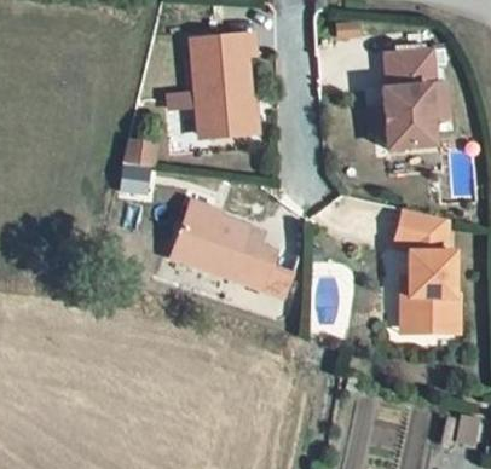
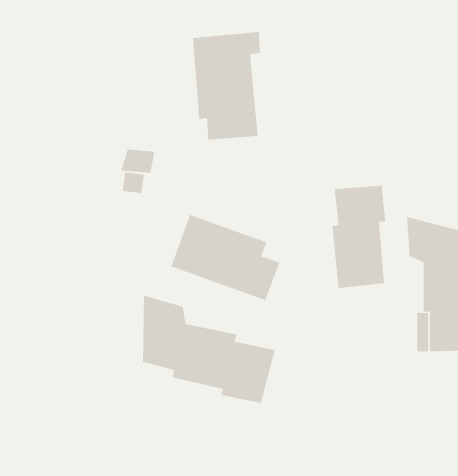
building: [383,50,435,147] -> [331,185,386,288]
building: none -> [143,295,275,404]

